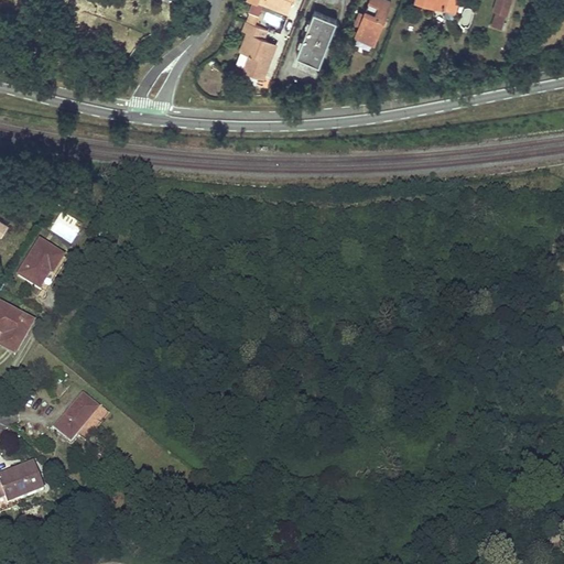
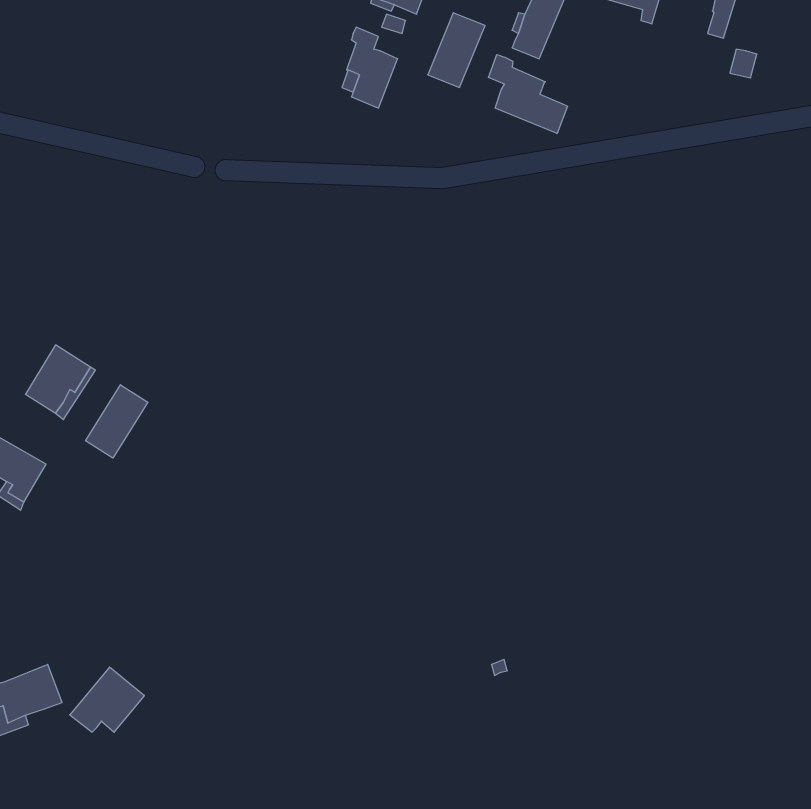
building: none -> [489,55,567,134]
building: none -> [86,385,148,458]
building: [54,393,106,438] -> [70,667,144,732]

